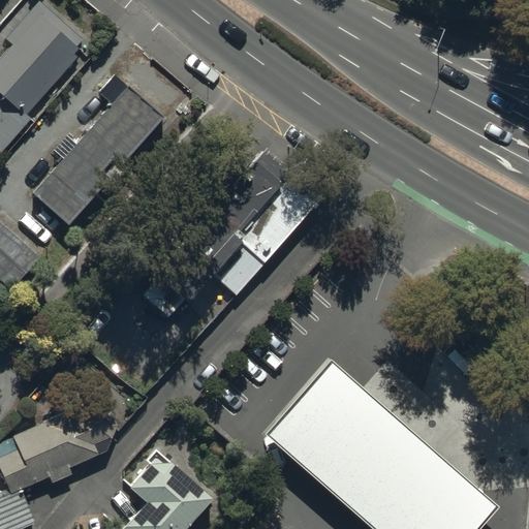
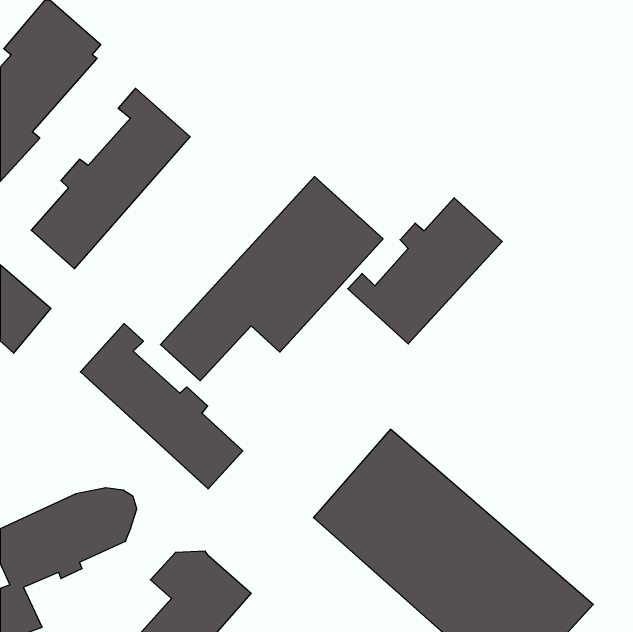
building: none -> [348,198,502,344]
building: none -> [80,324,243,489]

